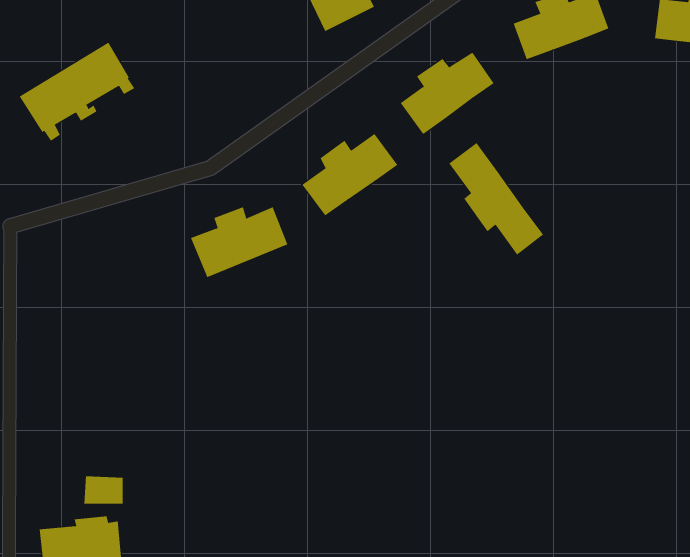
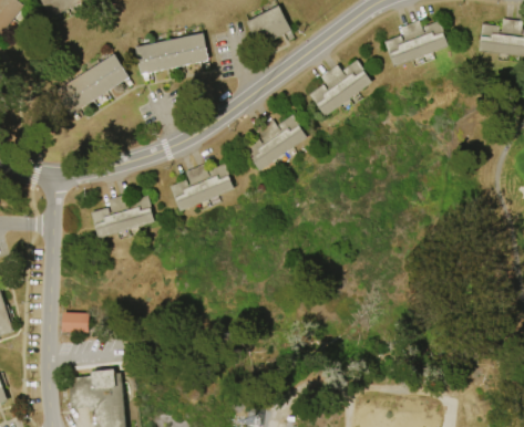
building: none -> [134,33,209,82]
building: [449,142,544,255] -> none
building: none -> [90,194,155,239]
building: [83,476,123,504] -> [62,313,89,332]

